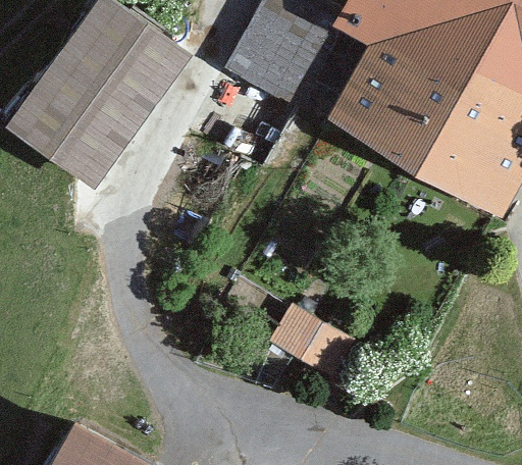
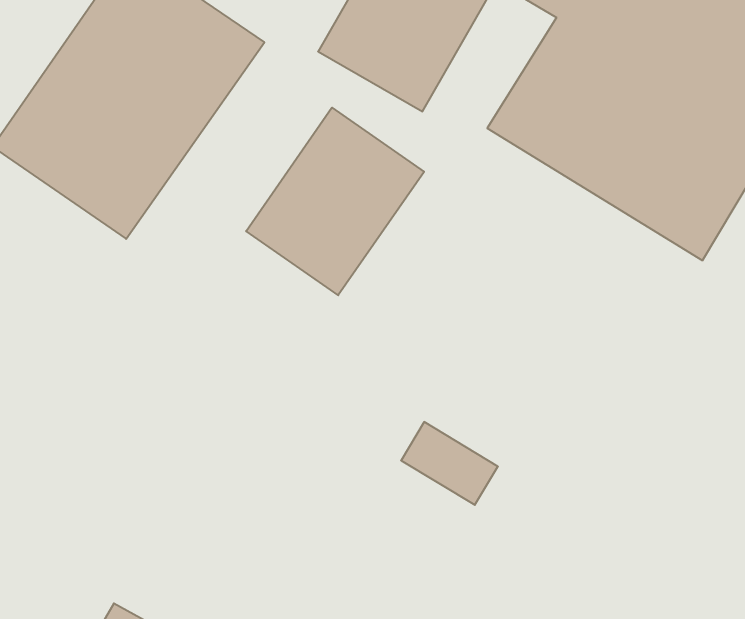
building: none -> [246,108,424,295]

